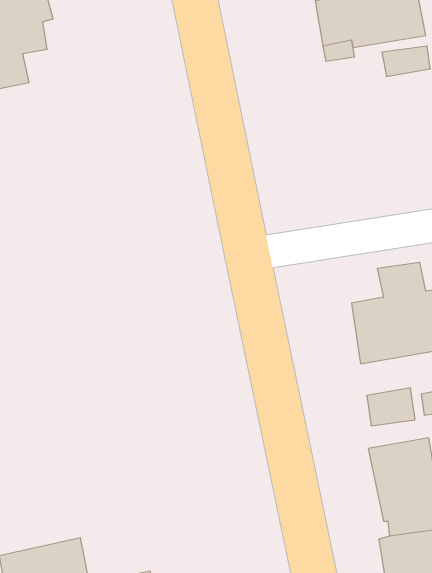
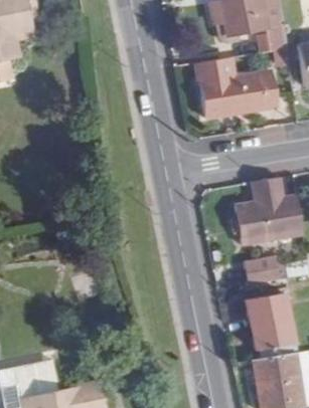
building: none -> [197,56,279,116]

